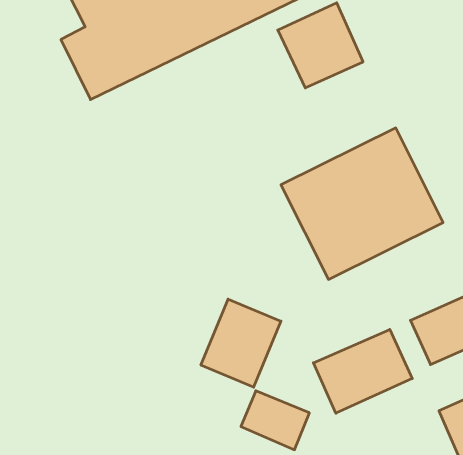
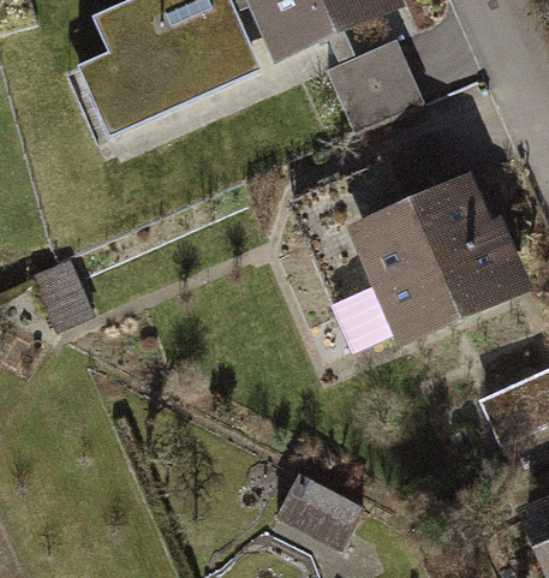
building: [201,299,281,387] -> none
building: [313,329,412,413] -> none

